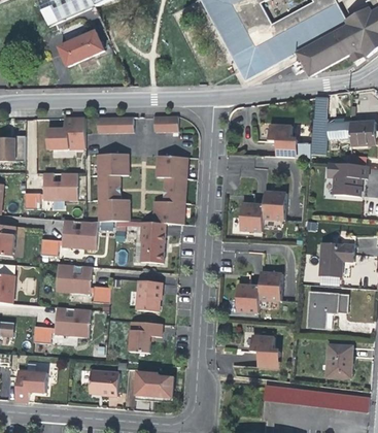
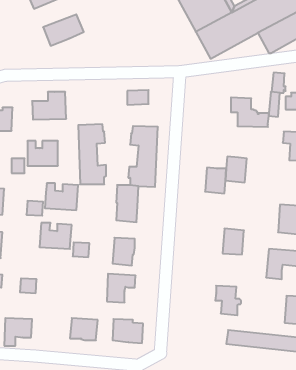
building: [97,116,133,132] -> none
building: [236,282,260,311] -> none
building: [55,306,91,336] -> none

